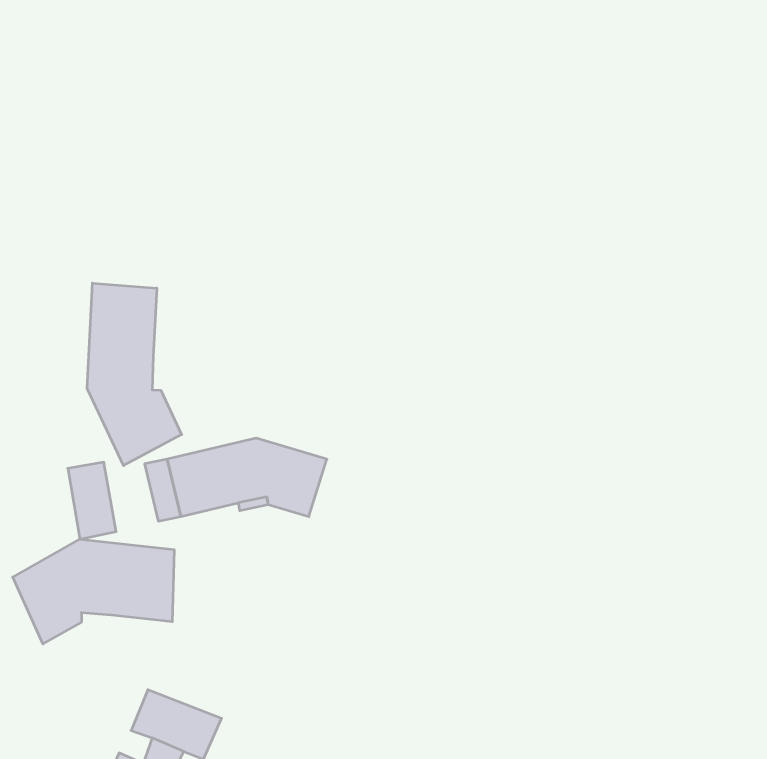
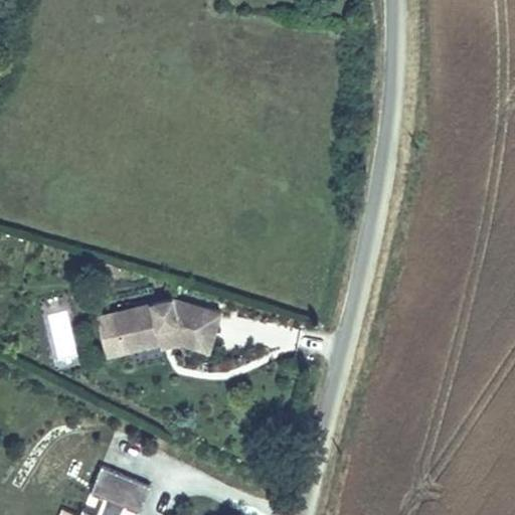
building: [87,283,182,466] -> none
building: [13,539,174,644] -> none

